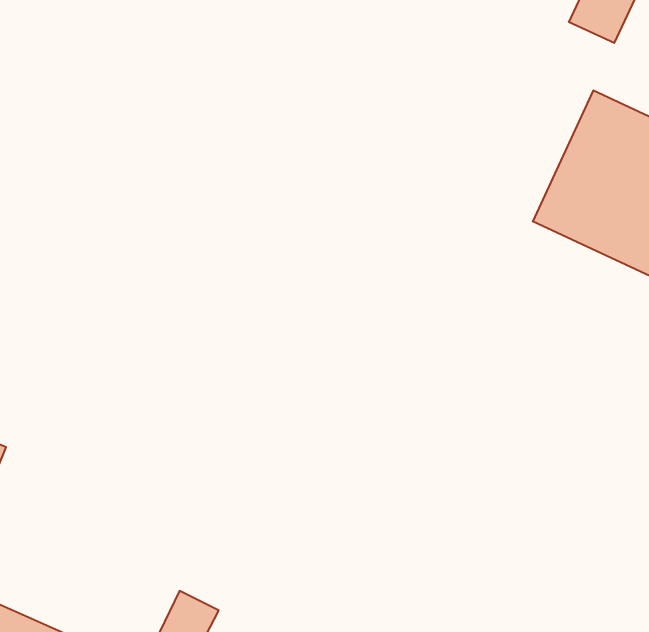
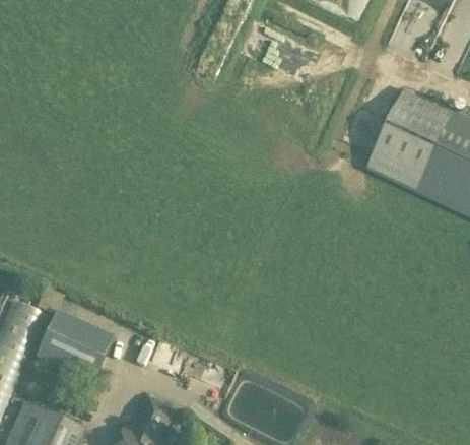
building: none -> [40,313,117,384]

